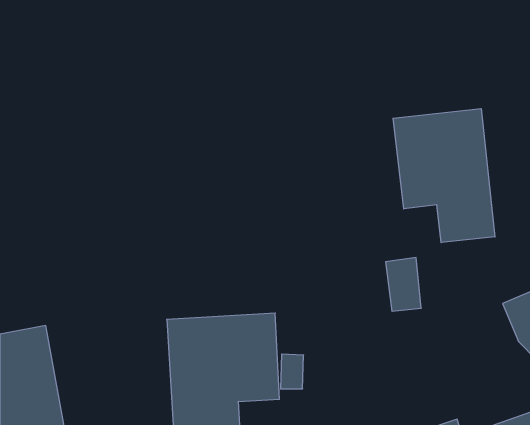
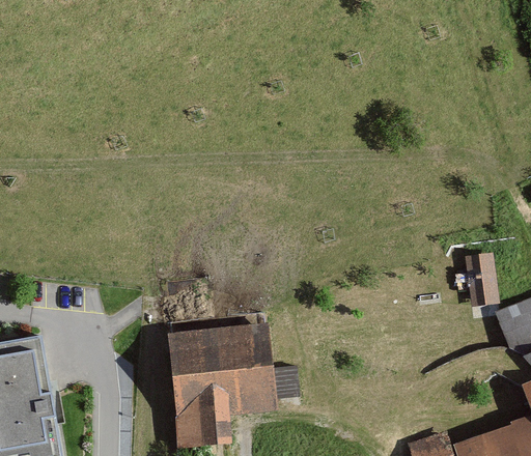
building: [393,109,495,243] -> none
building: [386,258,421,311] -> [465,255,500,308]

